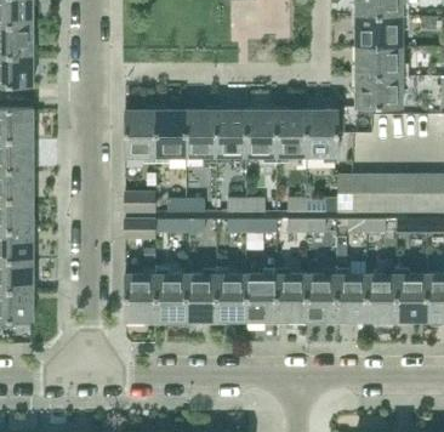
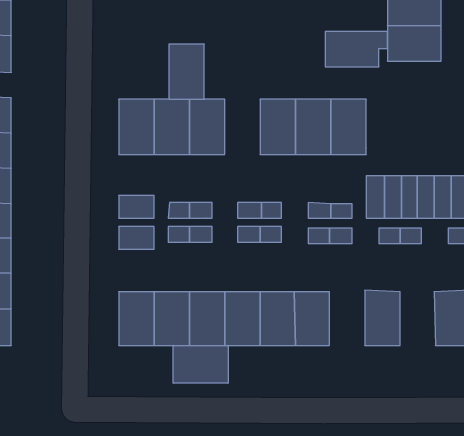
building: [355,76,409,107] -> [325,31,387,67]
building: [216,109,246,157] -> [169,44,204,99]
building: [306,273,336,320] -> none
building: [366,274,397,320] -> none
building: none -> [173,345,228,383]

